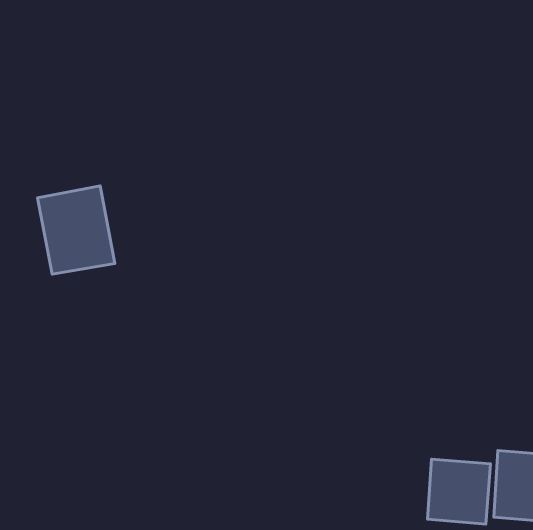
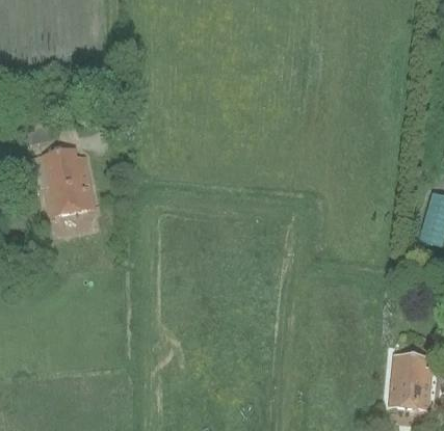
building: [427,459,491,524] -> none

